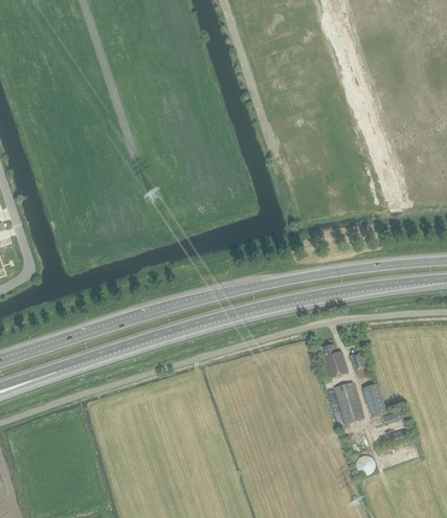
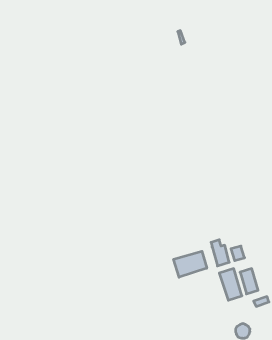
building: none -> [174,251,207,277]

